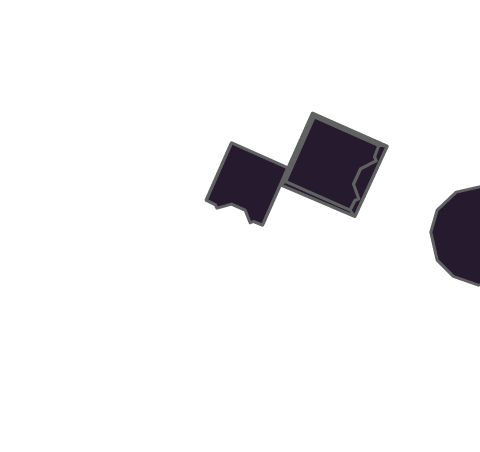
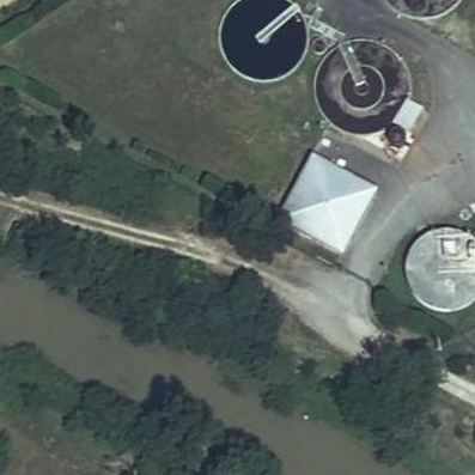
building: [206,143,288,225] -> none

